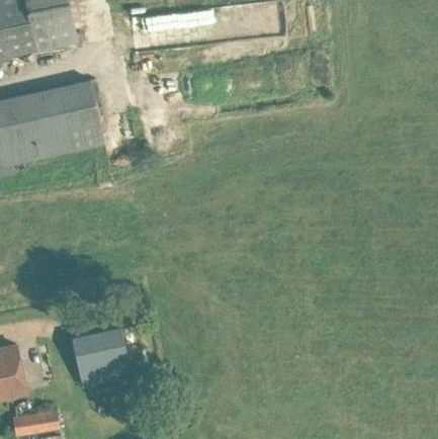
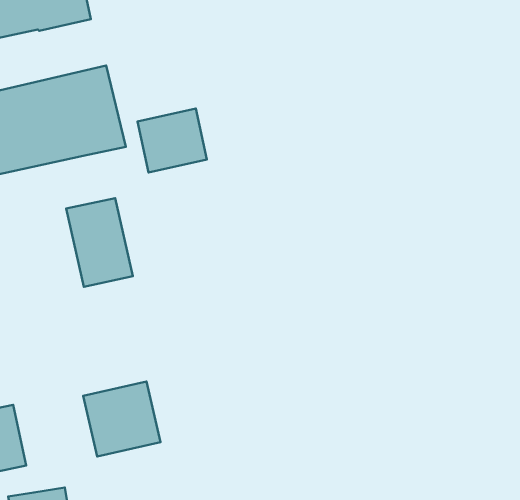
building: none -> [138,108,207,173]
building: none -> [66,198,133,287]

